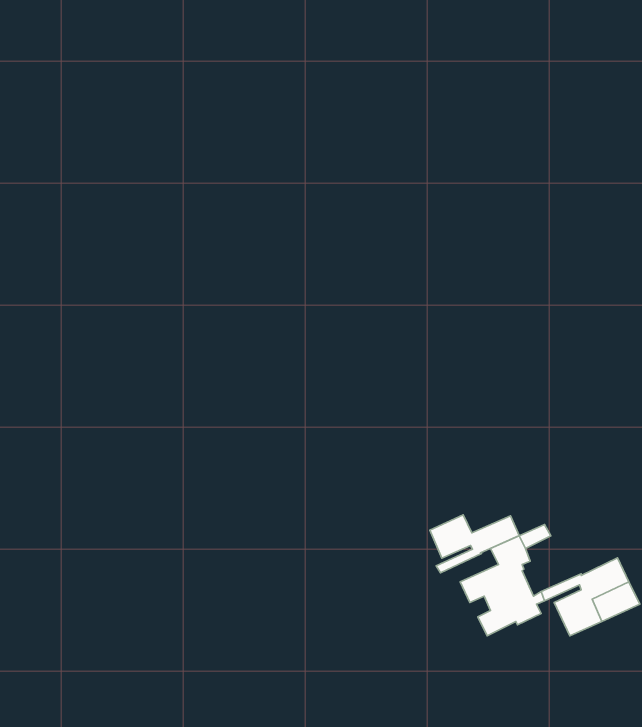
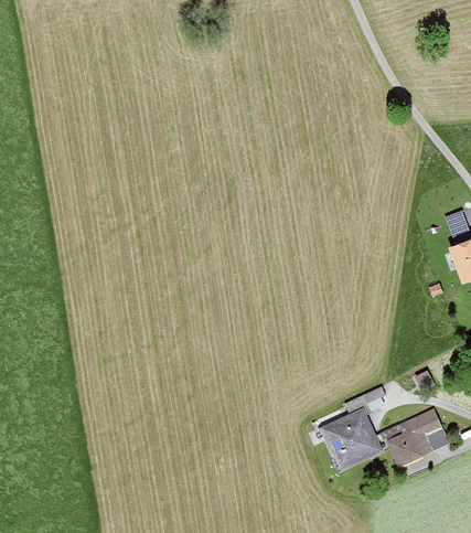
building: [430,515,519,573] -> none

